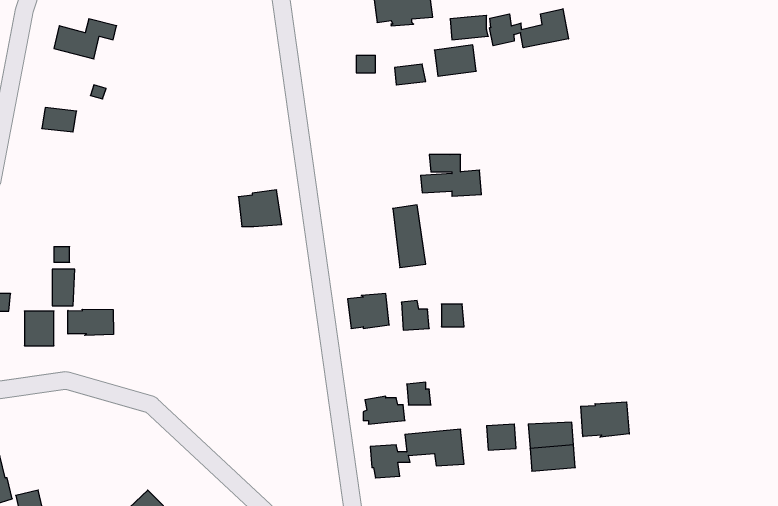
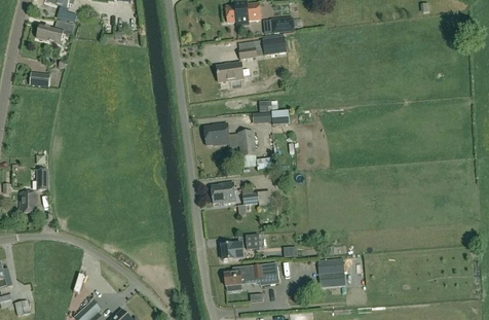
building: [490,9,568,48] -> none
building: none -> [215,62,242,82]
building: [238,190,282,226] -> [203,123,229,145]
building: [68,309,113,335] -> none
building: [581,402,629,437] -> none

